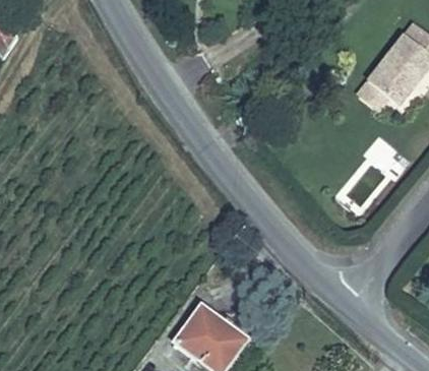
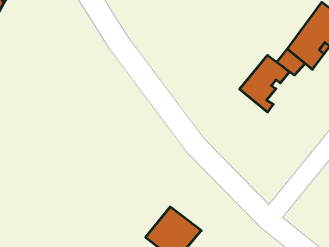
building: none -> [240,55,289,112]

